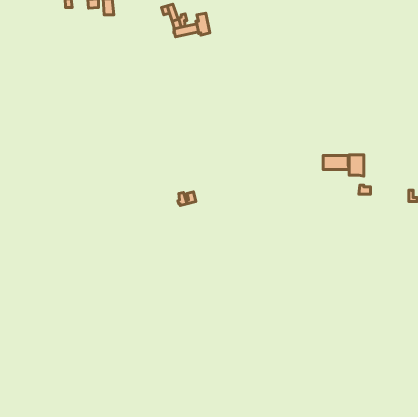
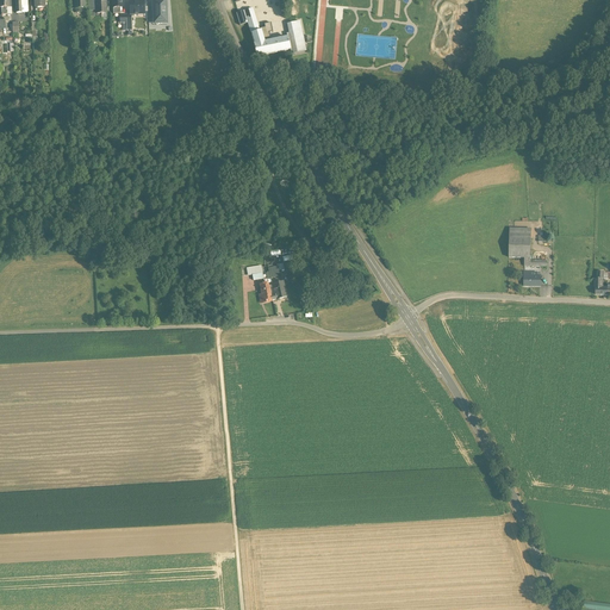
building: [323,156,349,170] -> none

